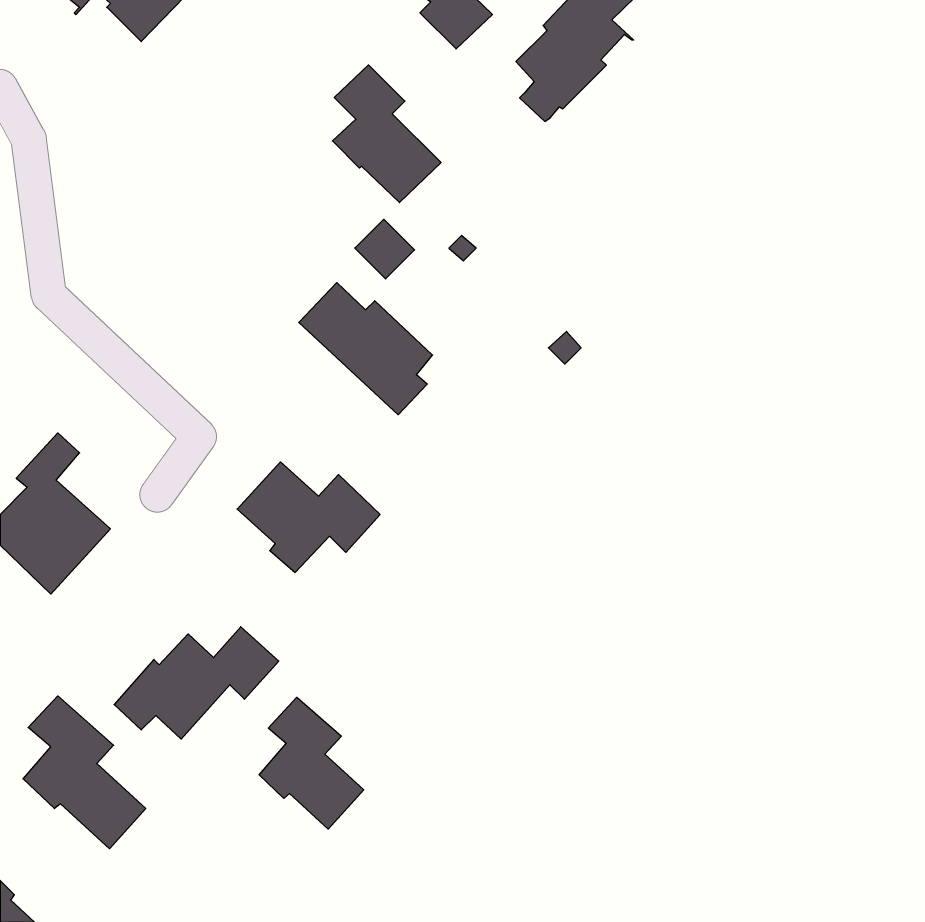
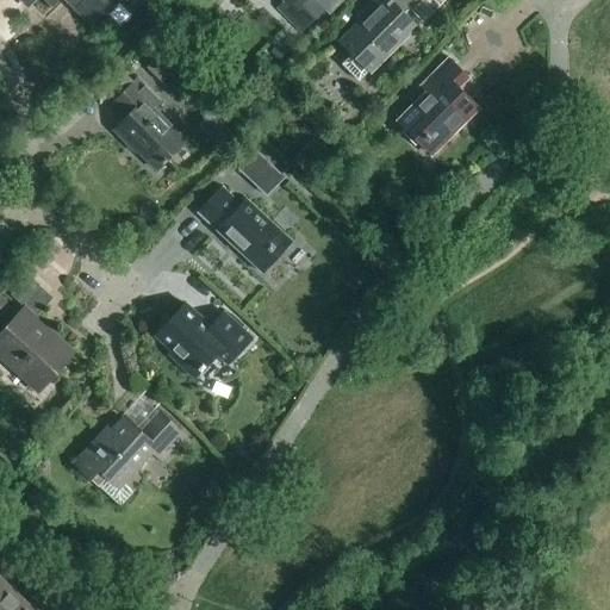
building: [332,65,441,203] -> [113,79,185,169]
building: none -> [398,57,478,154]
building: [23,696,146,849] -> none
building: [259,697,364,829] -> none

